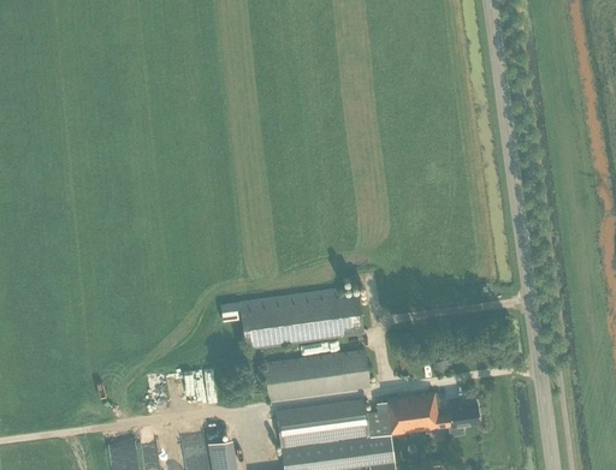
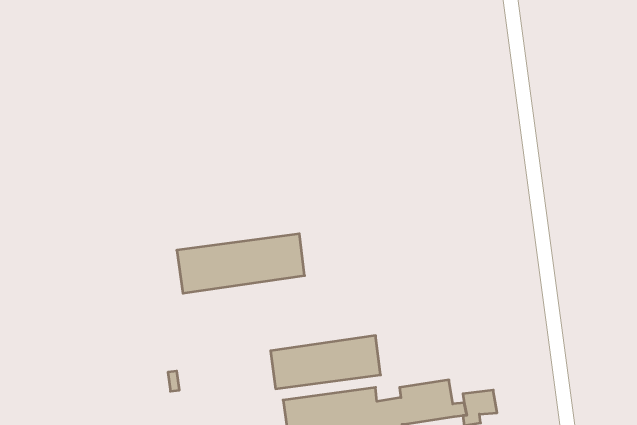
building: [239,292,361,349] -> [177,234,305,293]

